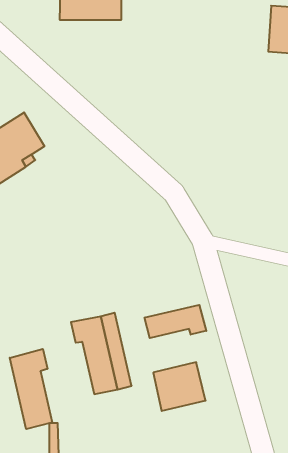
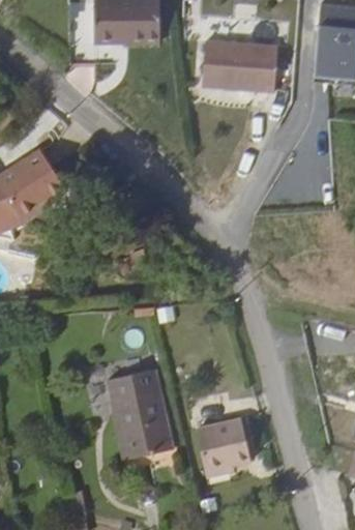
building: none -> [209,41,285,91]
building: [145,305,206,338] -> none
building: [10,349,52,429] -> none

